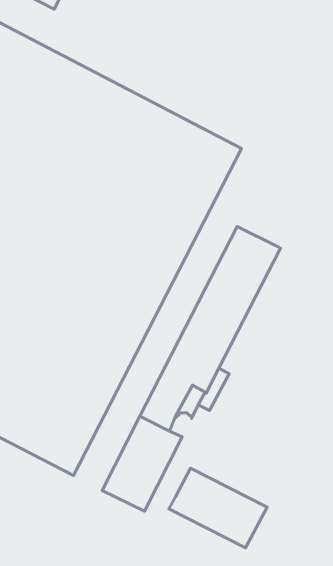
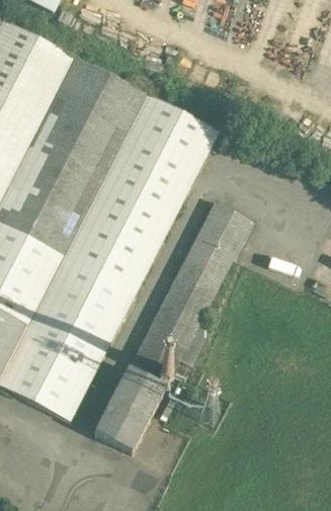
building: [169,468,267,548] -> none

